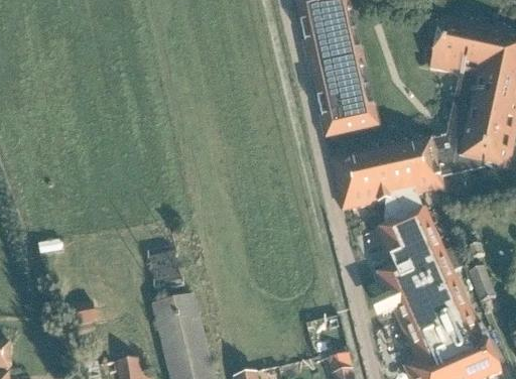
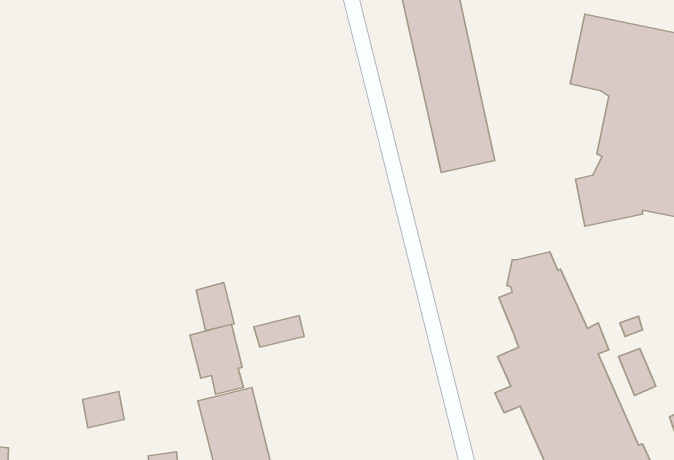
building: [333,136,445,209] -> none
building: none -> [196,282,234,330]
building: none -> [254,315,304,347]

